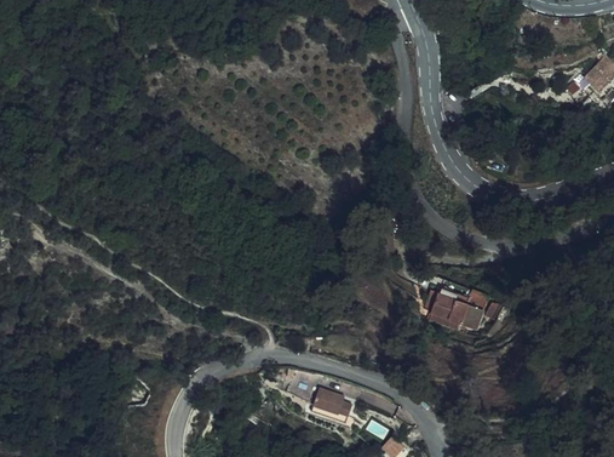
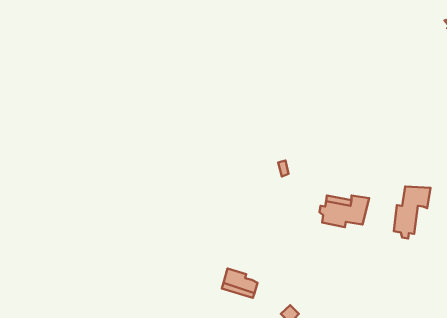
building: none -> [394,186,430,239]

